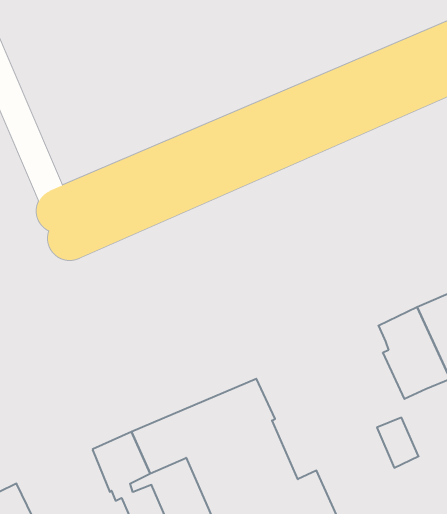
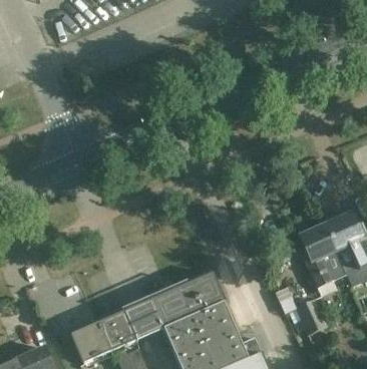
building: none -> [70,322,109,362]

